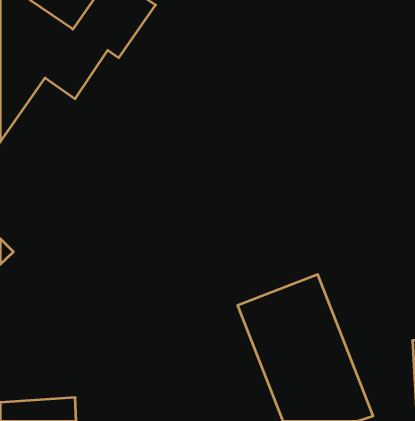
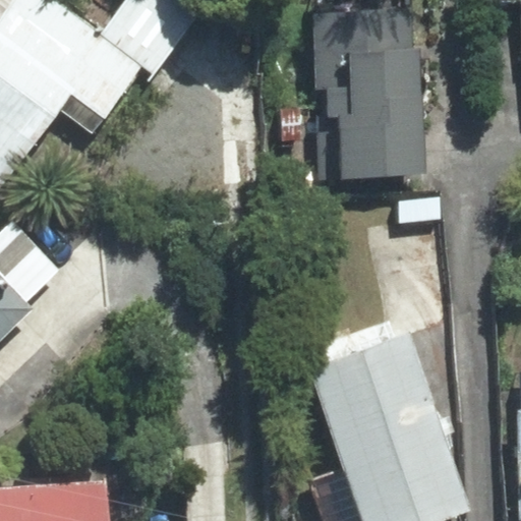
building: none -> [326,50,417,177]

